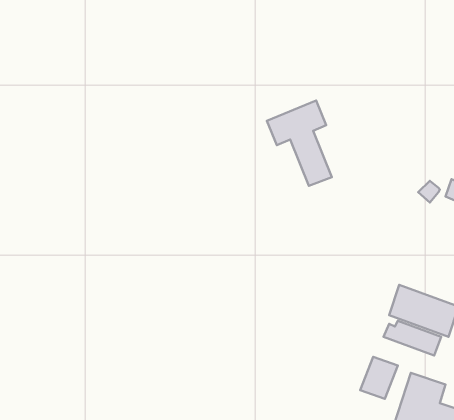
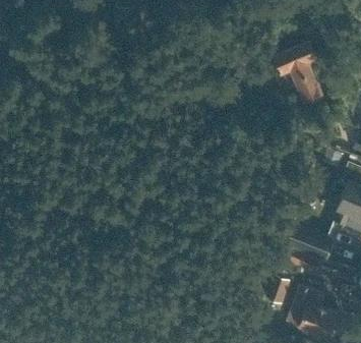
building: [267,101,332,186] -> [275,44,320,104]

